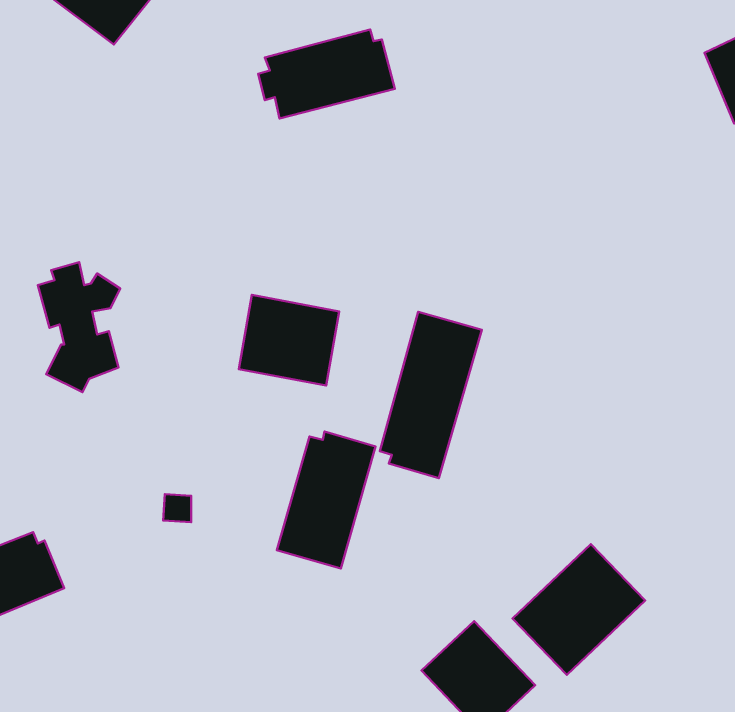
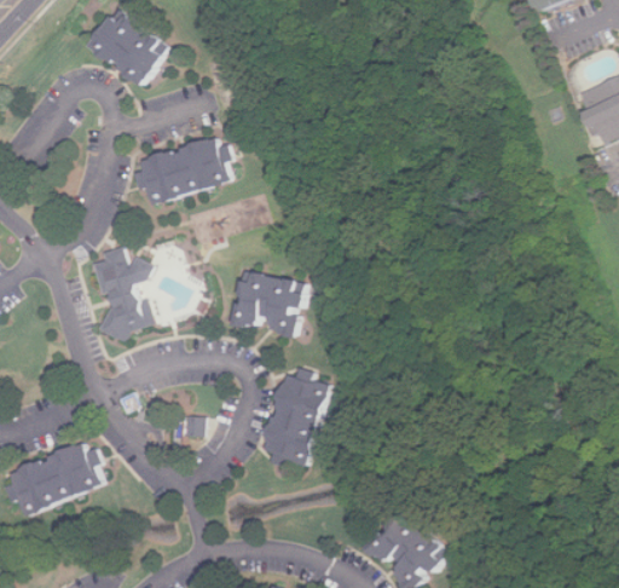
building: [258,29,395,118] -> [132,138,232,203]
building: [380,312,482,478] -> none
building: [513,544,645,675] -> none

